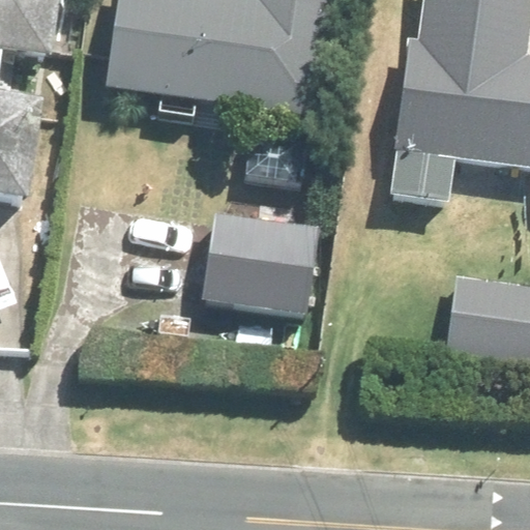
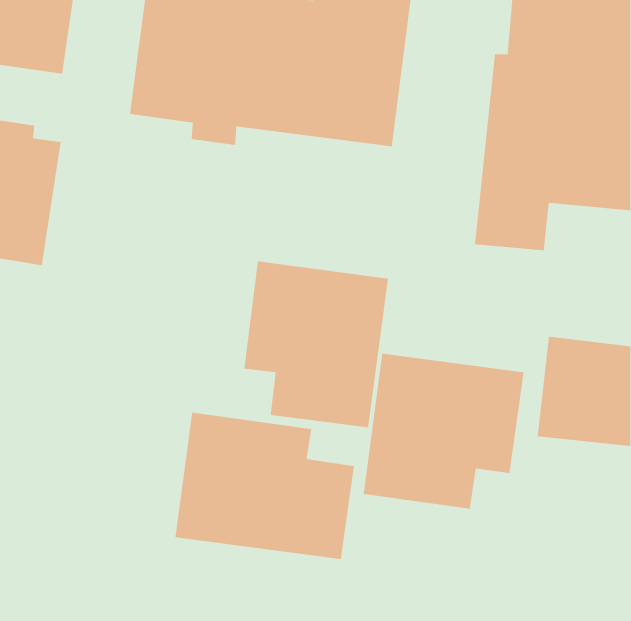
building: none -> [363,353,524,509]
building: none -> [175,412,355,560]

